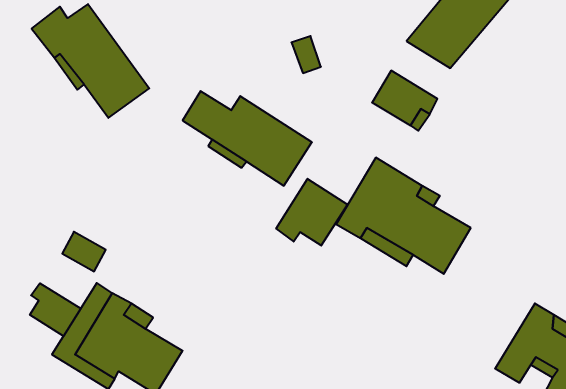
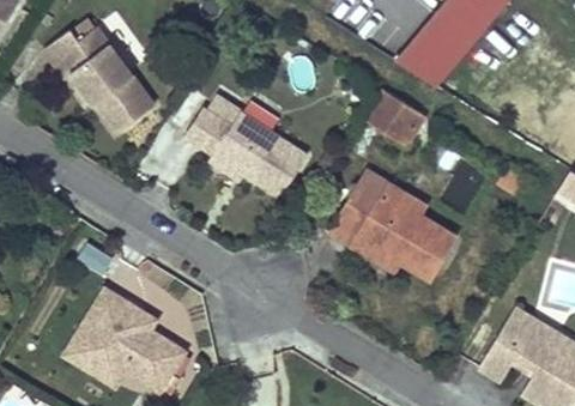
building: [276,179,348,246] -> none
building: [30,283,81,336] -> none

